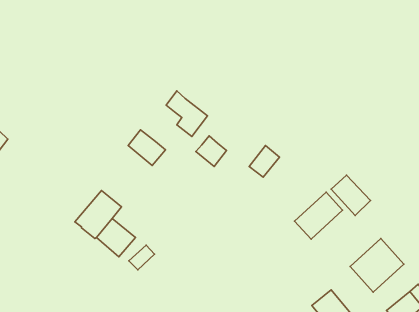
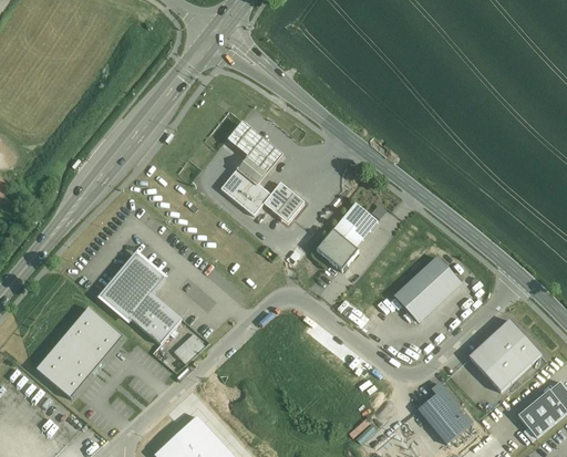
building: [128,130,165,165] -> [220,168,270,216]
building: none -> [316,224,359,266]
building: [331,175,370,215] -> none
building: none -> [35,308,123,398]

